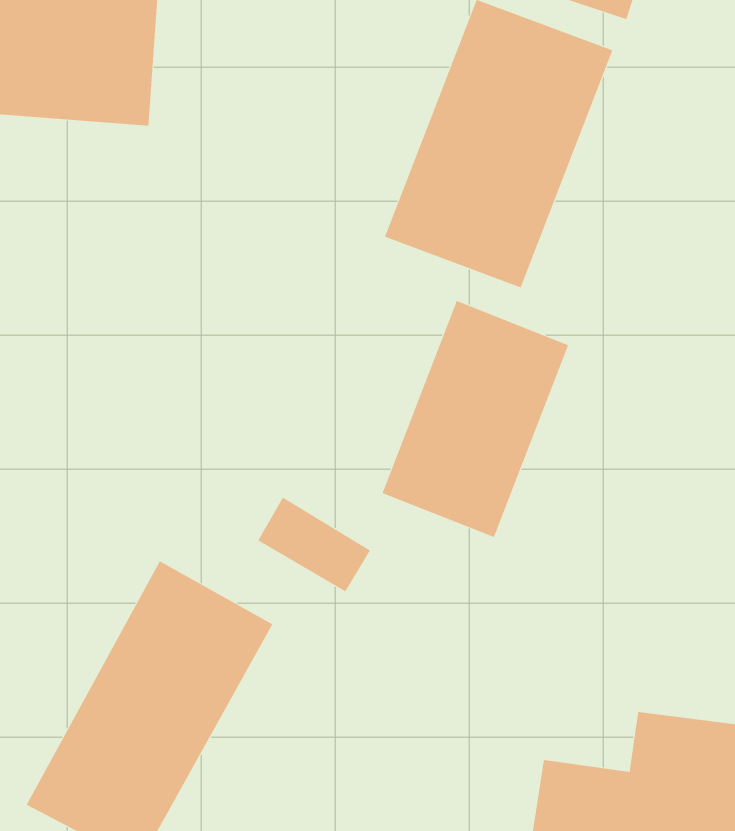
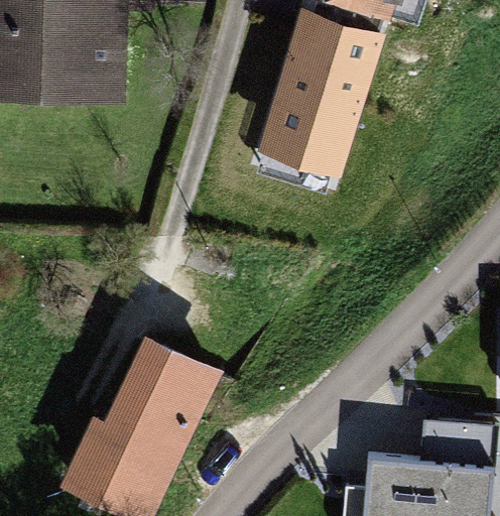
building: [382,300,569,538] -> none

